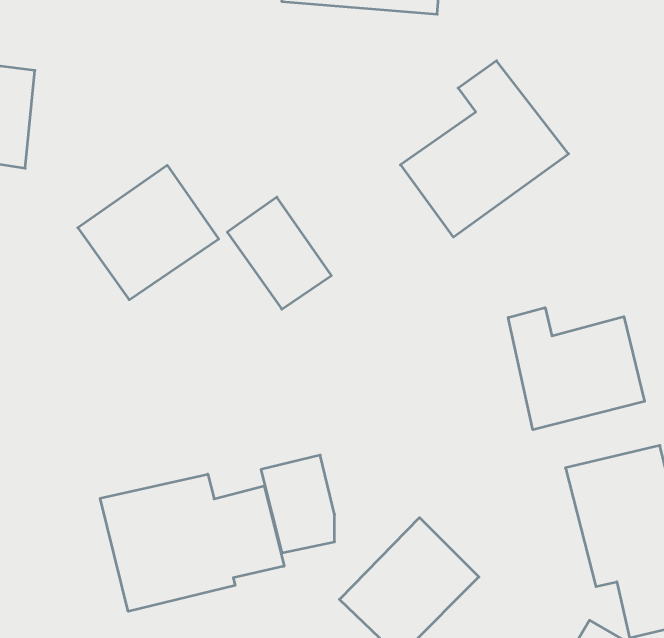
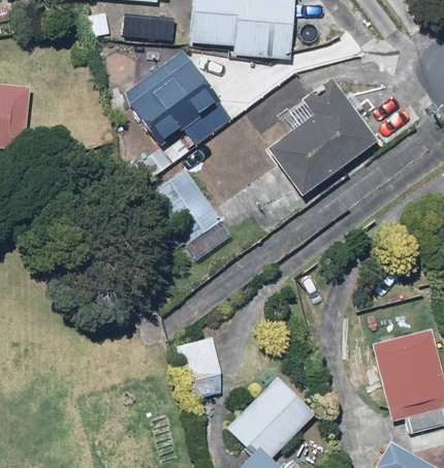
building: [78,165,219,300] -> [124,53,215,139]
building: [508,308,645,430] -> none
building: [100,474,284,611] -> none

